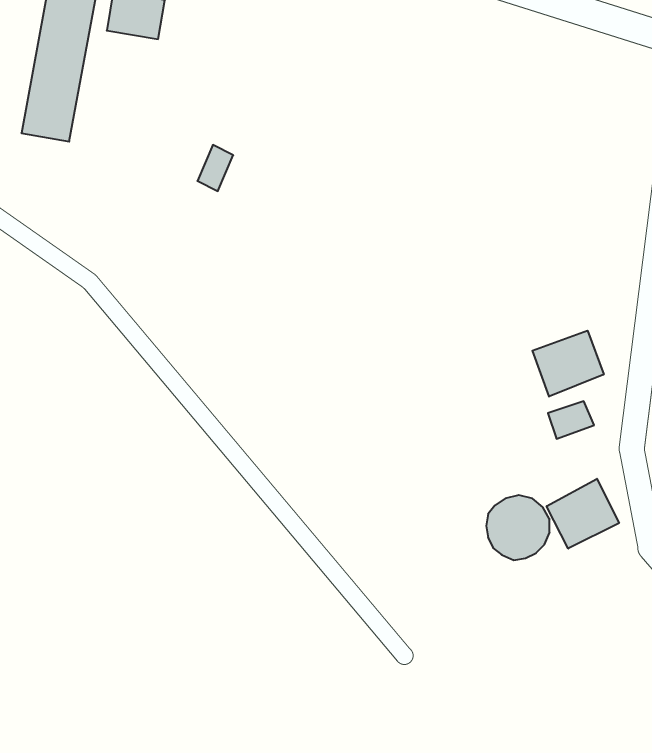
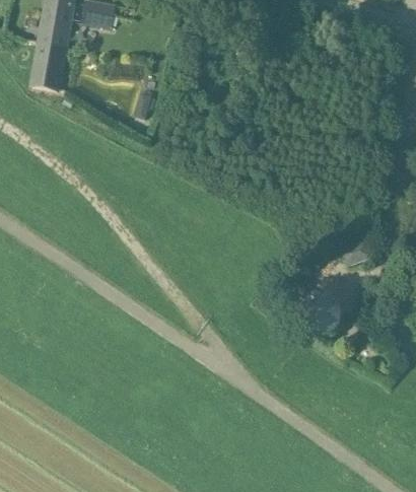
building: [532,331,604,397] -> none
building: [547,479,619,549] -> none

